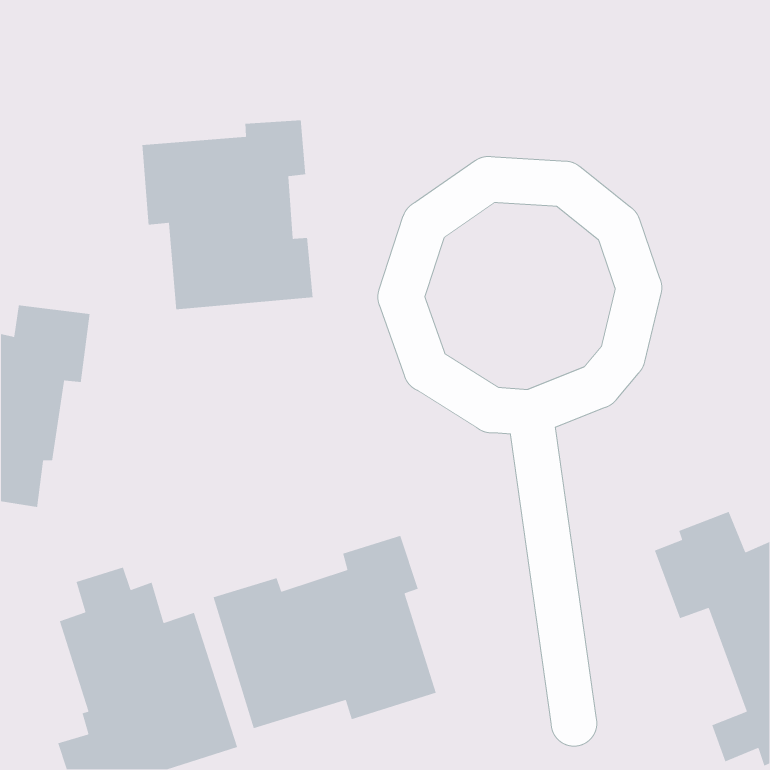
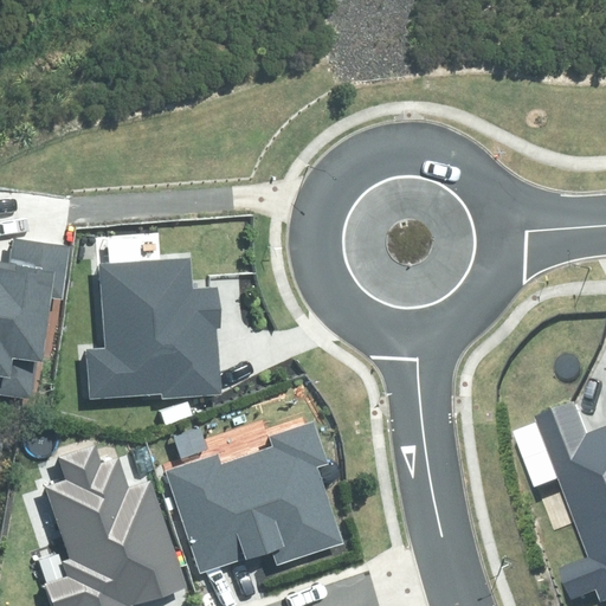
building: [141,119,313,310] -> none
building: none -> [85,258,221,400]

